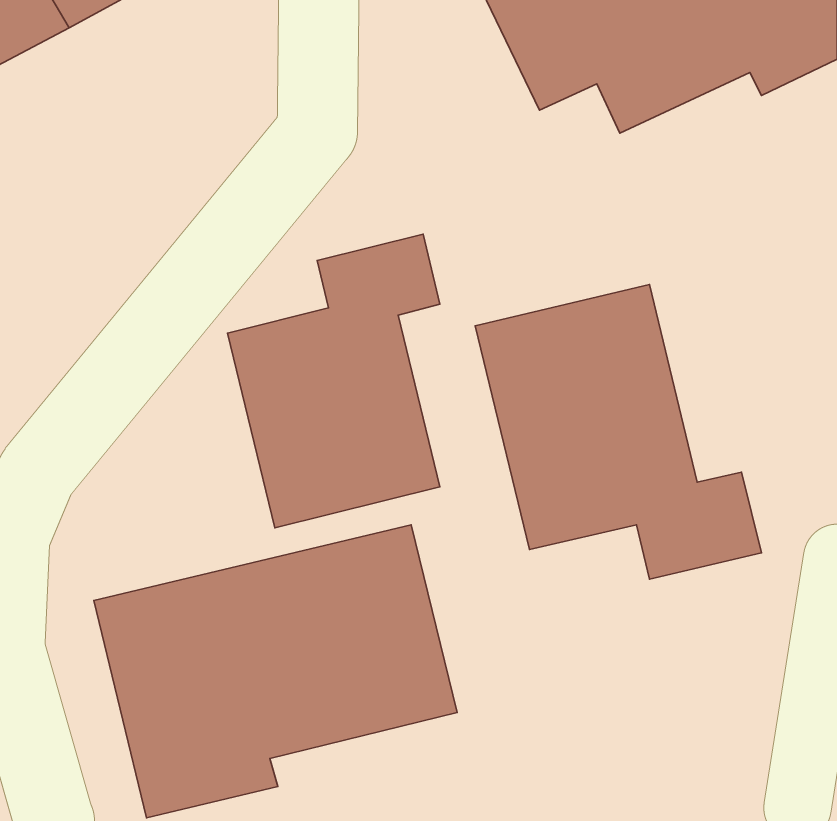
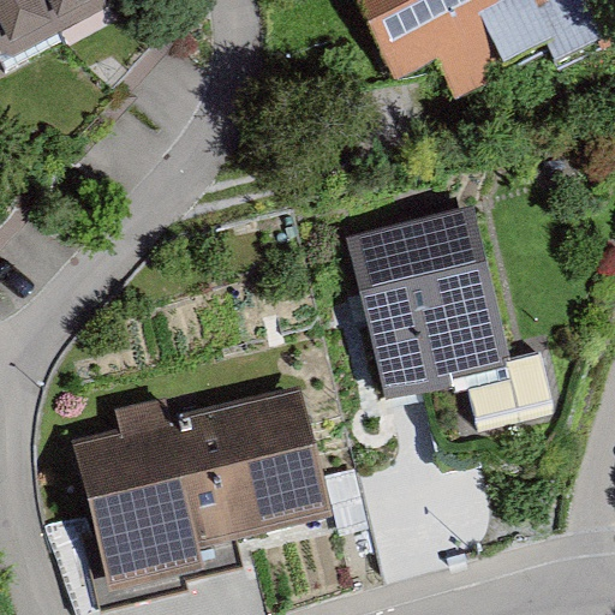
building: [228,234,440,528] -> none

